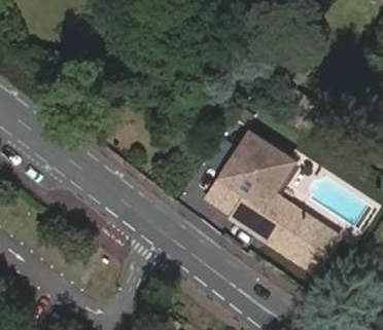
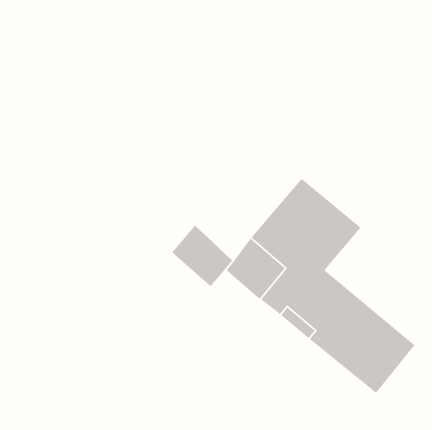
building: none -> [171,225,233,287]

